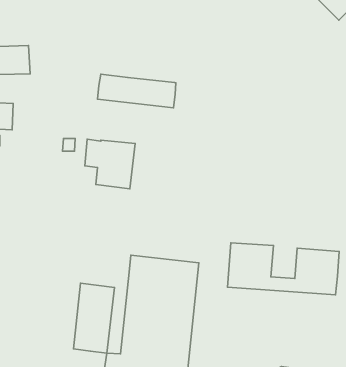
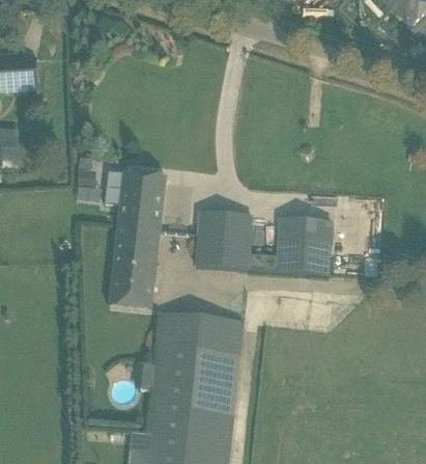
building: [97,74,176,108] -> none
building: [227,243,339,295] -> [195,211,331,274]
building: [74,283,115,353] -> [109,225,159,310]

